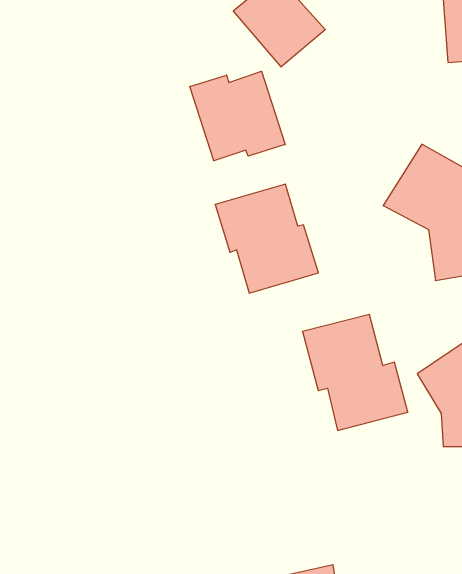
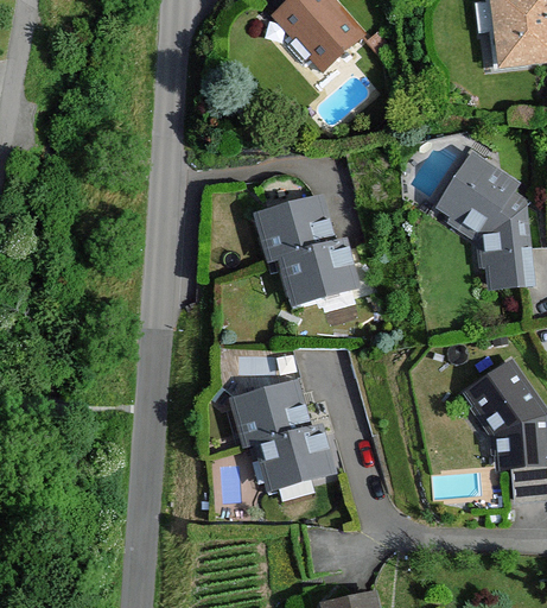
building: [190,71,285,161] -> none
building: [302,314,408,430] -> [227,370,337,492]

